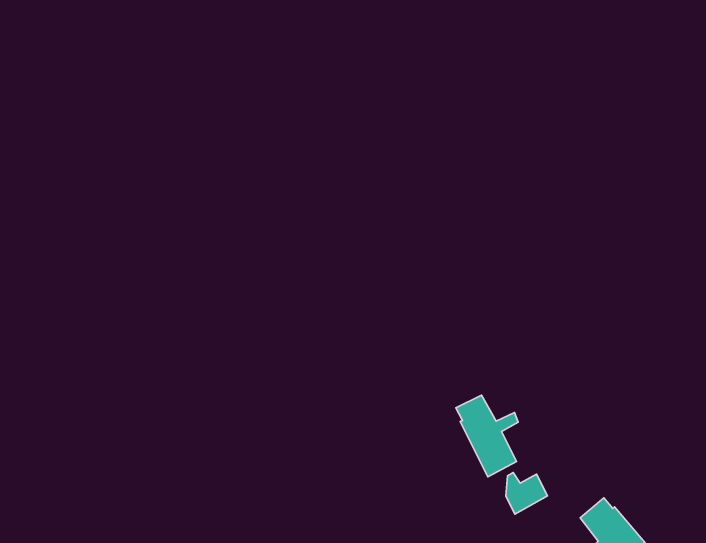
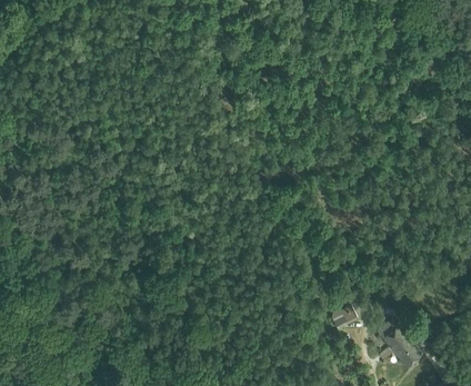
building: [456,395,518,477] -> none

